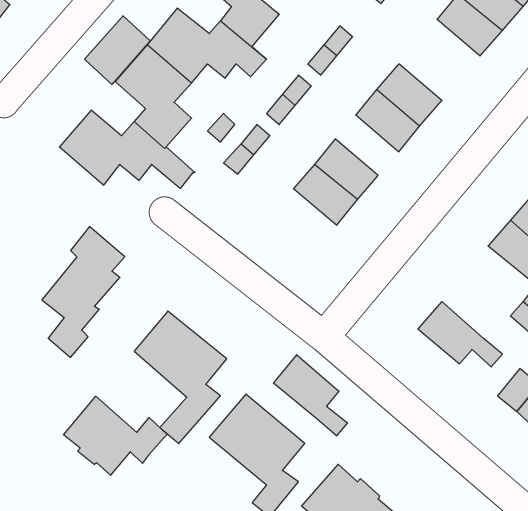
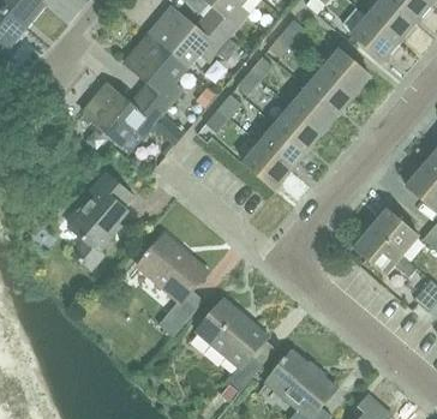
building: [85,16,150,84] -> none
building: none -> [349,16,399,62]
building: none -> [289,88,337,133]
building: none -> [241,143,291,190]
building: none -> [370,209,418,256]
building: [273,355,347,436] -> none
building: [64,396,167,475] -> none

